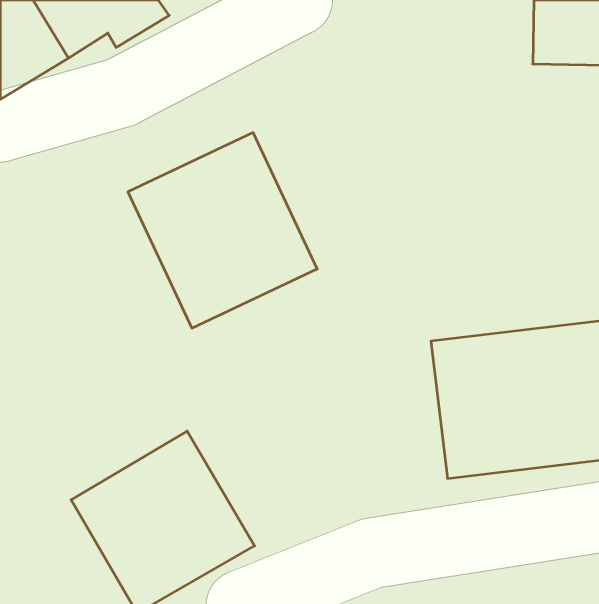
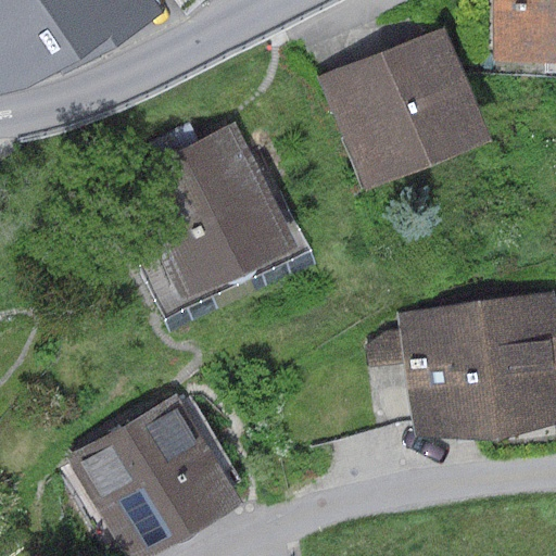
building: none -> [318,28,489,187]

